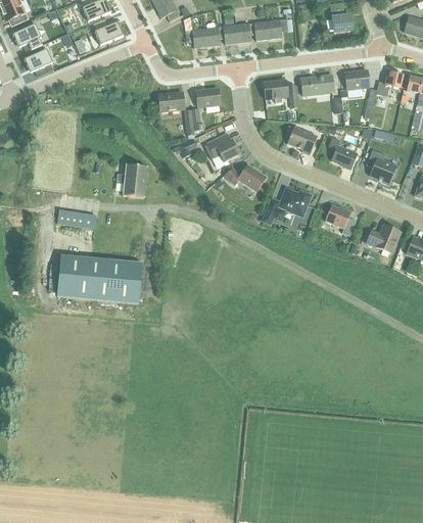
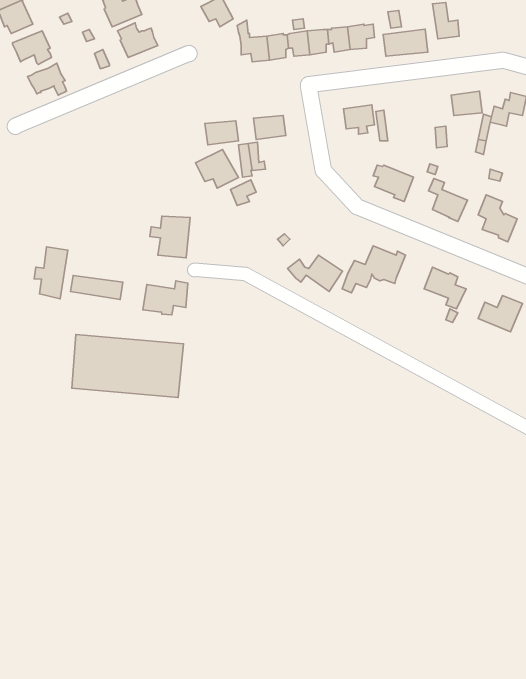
building: [300,74,334,94] -> [383,29,428,56]
building: [206,132,239,161] -> [196,149,239,188]
building: [224,163,266,191] -> [287,255,343,291]
building: none -> [34,247,68,299]
building: none -> [143,281,188,315]

